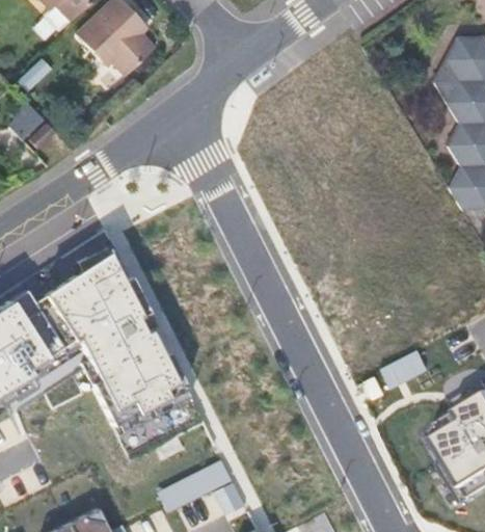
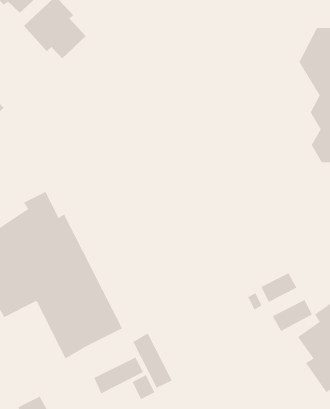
building: none -> [272,299,313,332]
building: none -> [132,333,172,388]

